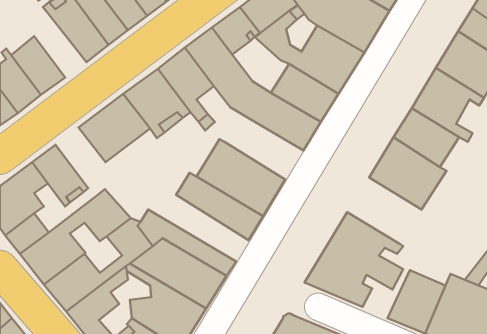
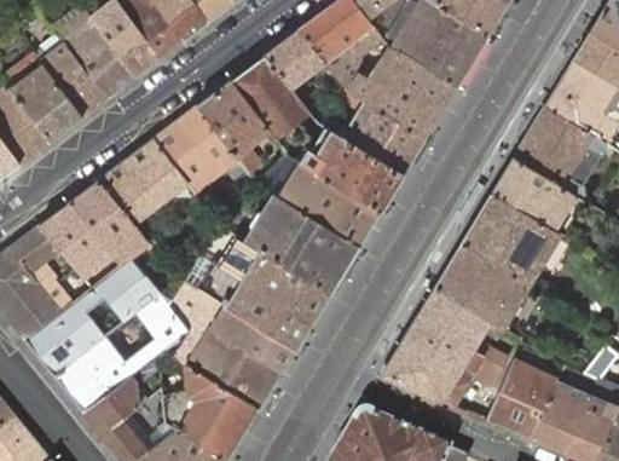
building: none -> [35,34,109,116]
building: none -> [282,162,381,244]
building: none -> [70,179,150,266]
building: none -> [435,242,528,325]
building: none -> [173,249,312,347]

